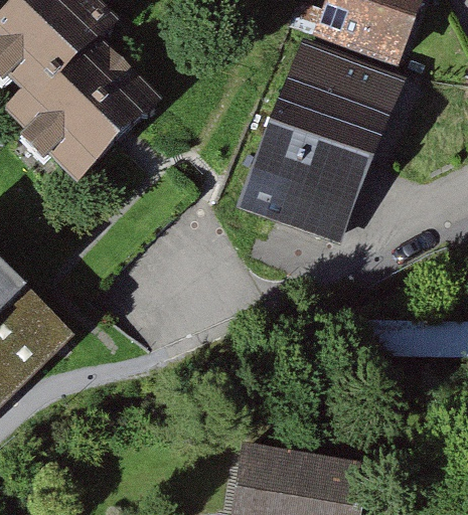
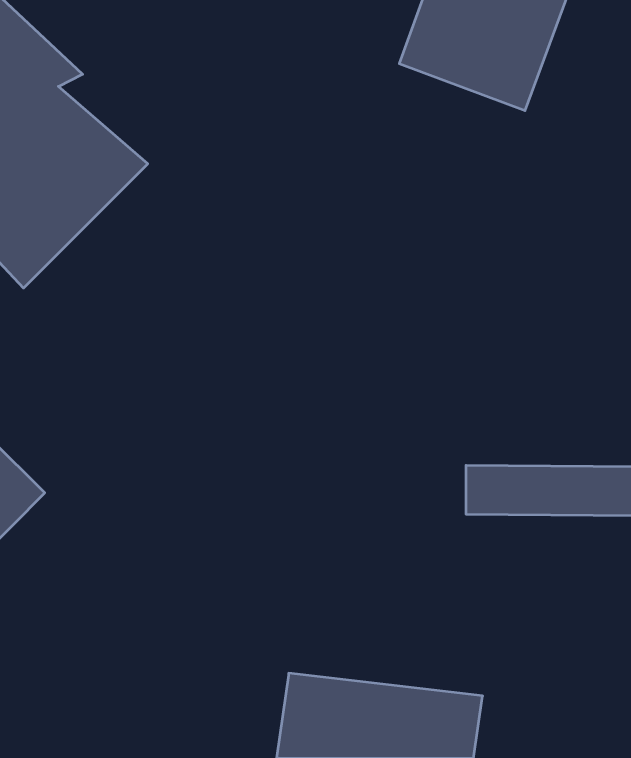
building: [244,50,394,242] -> none

